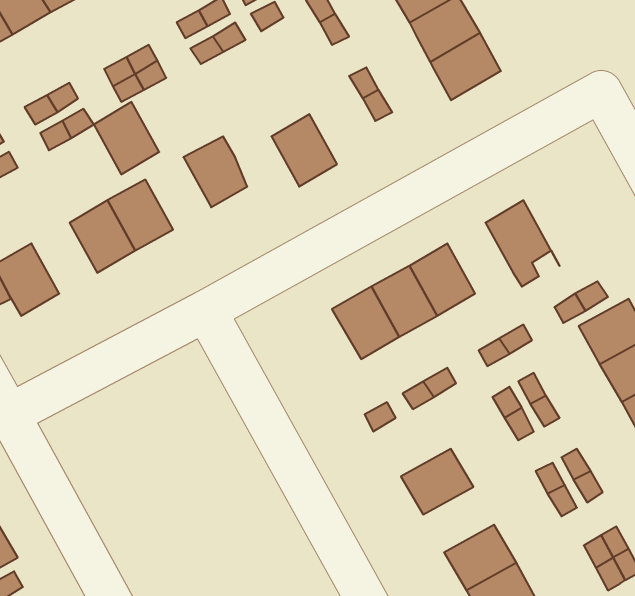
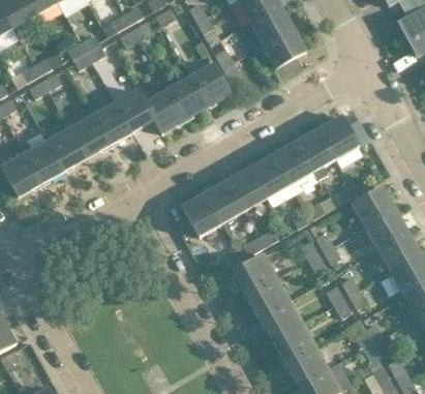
building: none -> [191,63,231,105]
building: [94,102,159,174] -> [93,101,132,145]
building: none -> [147,89,185,131]
building: none -> [320,115,363,166]
building: none -> [25,141,64,183]
building: none -> [274,141,313,183]
building: none -> [182,192,222,235]
building: none -> [234,253,276,293]
building: none -> [260,299,302,338]

